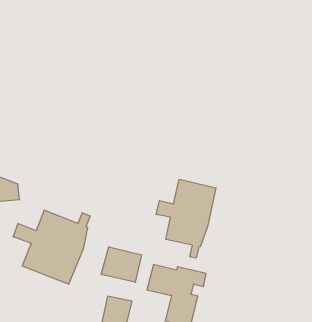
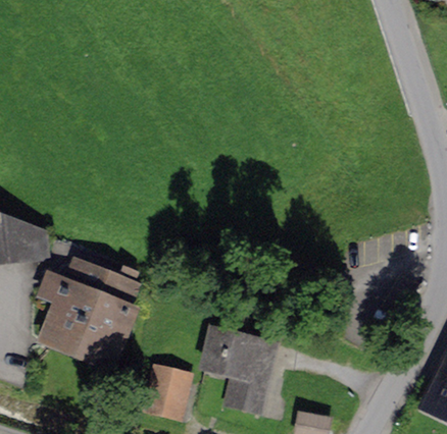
building: [156,179,216,258] -> none
building: [101,247,141,282] -> none

